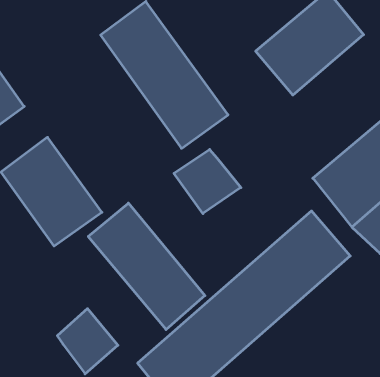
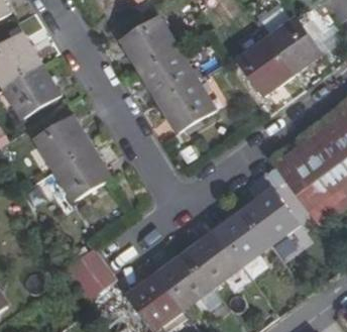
building: [174,149,241,214] -> none
building: [88,203,205,330] -> none

